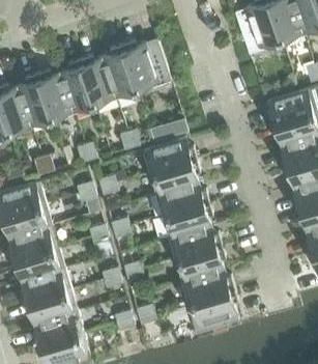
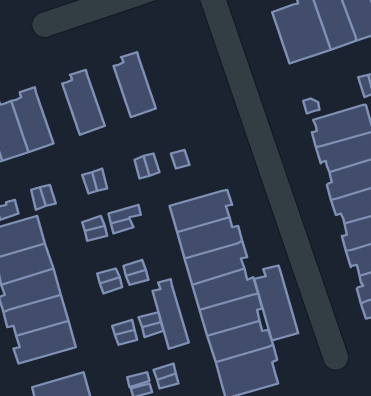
building: [121,38,171,92] -> none
building: [79,56,116,107] -> none
building: [36,71,74,121] -> none
building: [142,139,196,173] -> none
building: none -> [254,266,298,341]
building: none -> [152,279,189,349]
building: [23,290,77,324] -> none

